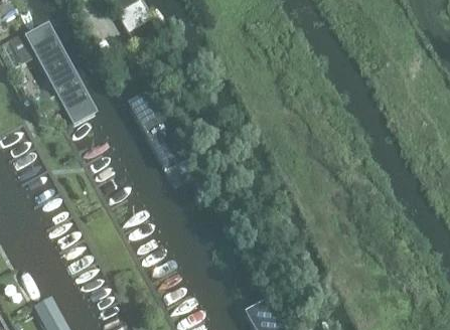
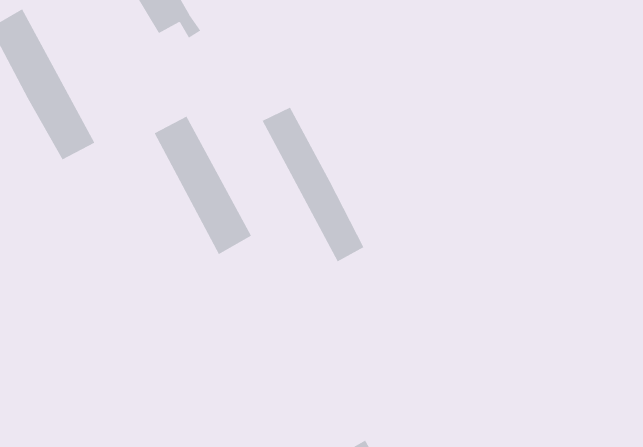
building: none -> [262,107,364,262]

